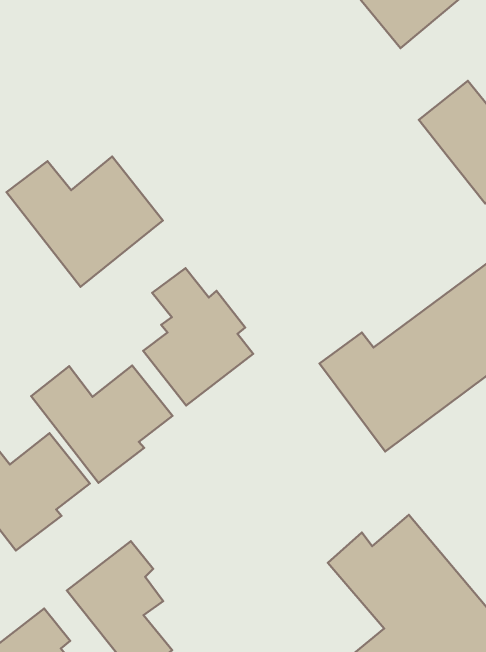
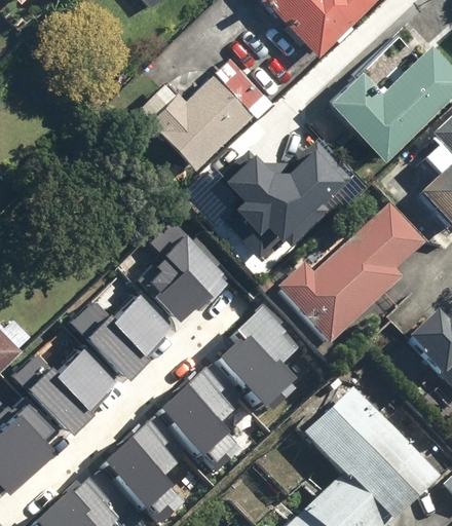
building: [7,156,163,287] -> [138,71,252,166]
building: none -> [225,145,356,268]
building: none -> [215,306,300,406]
building: none -> [164,369,242,466]

